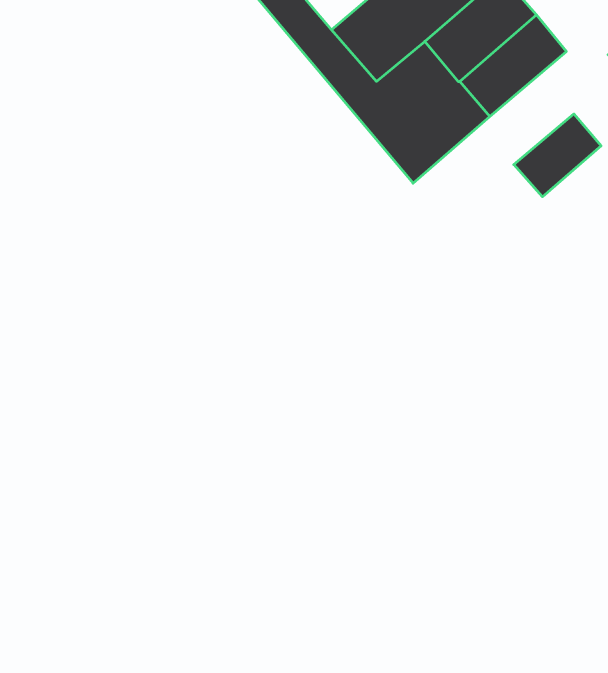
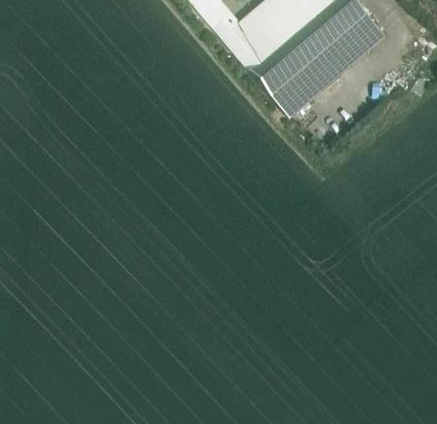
building: [514,114,601,197] -> none

